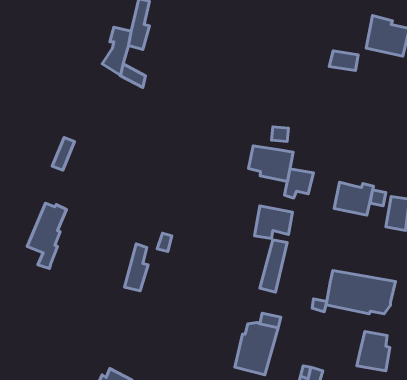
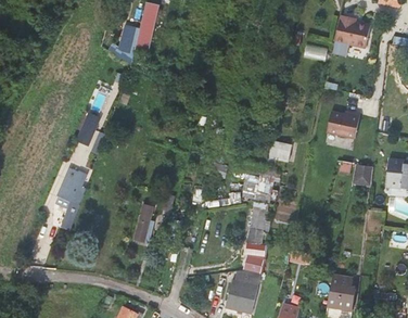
building: [249,146,293,182] -> none
building: [334,182,373,215] -> [327,111,359,138]
building: [326,270,396,314] -> none

